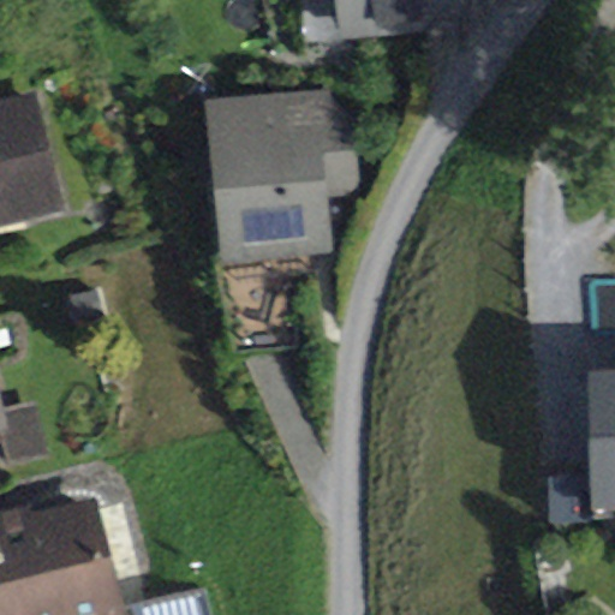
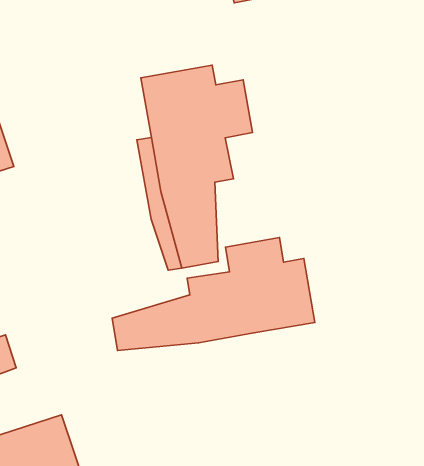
building: none -> [112,237,315,350]

